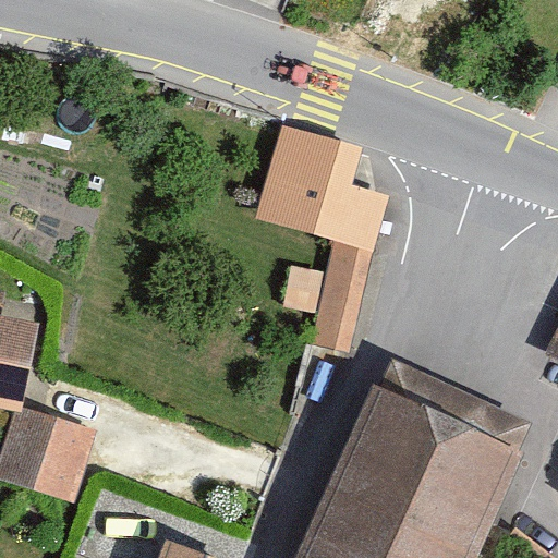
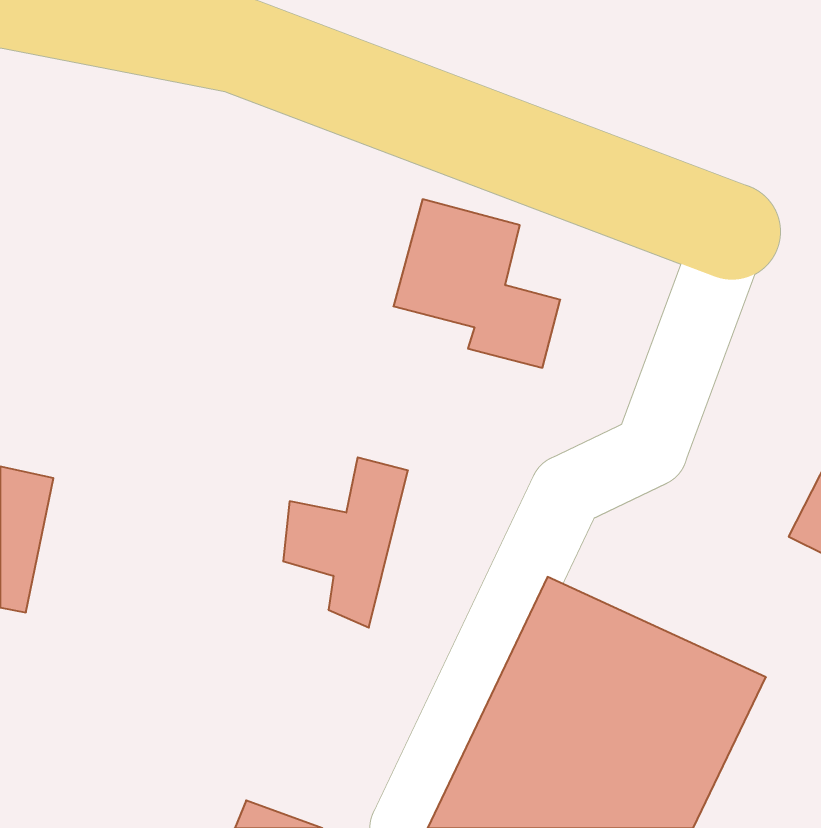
building: [286,239,369,353] -> [283,457,408,628]
building: [9,415,97,500] -> none

